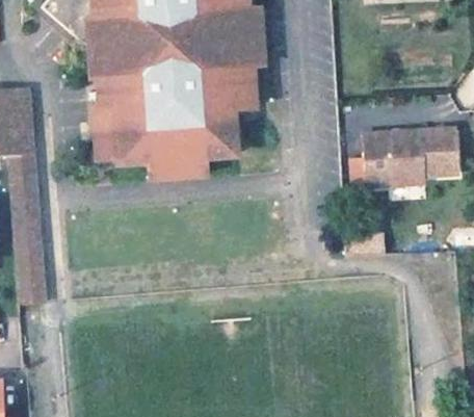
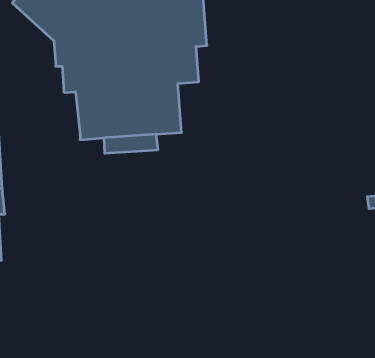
building: [99,110,124,162] -> none
building: [363,126,456,181] -> none

